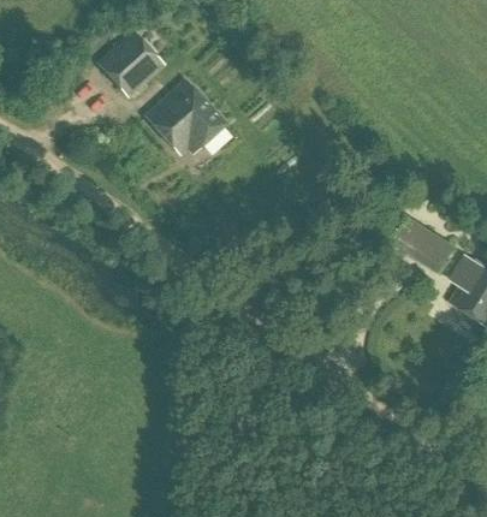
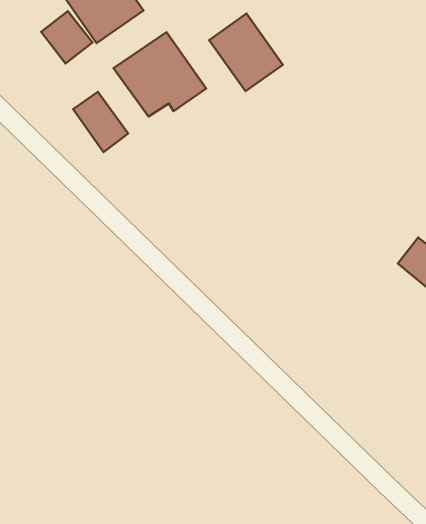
building: none -> [209,14,283,91]
building: none -> [73,92,128,152]

